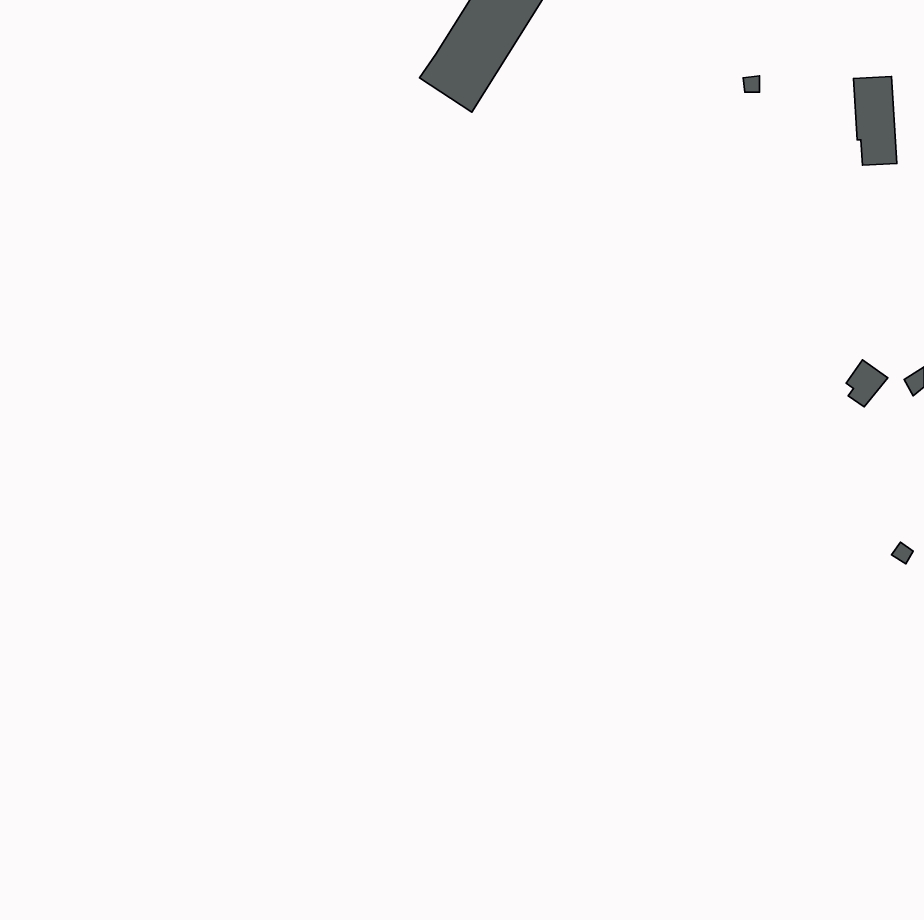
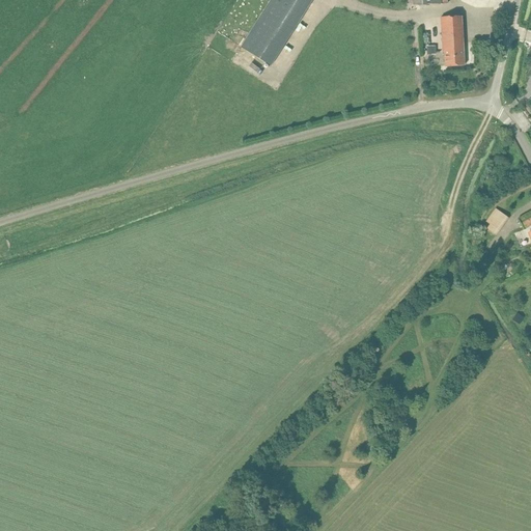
building: [854,77,897,165] -> [440,15,465,65]

